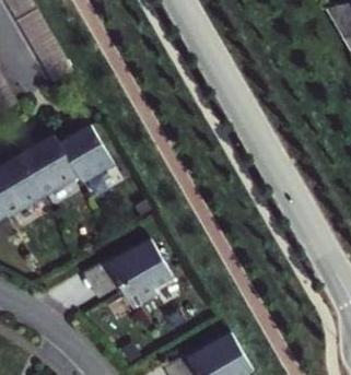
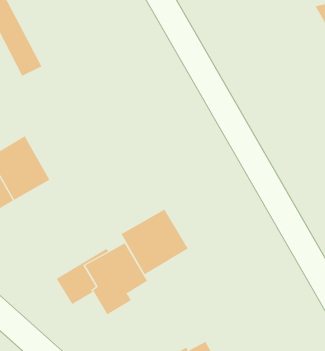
building: [57,126,112,185] -> none
building: none -> [121,209,188,275]

